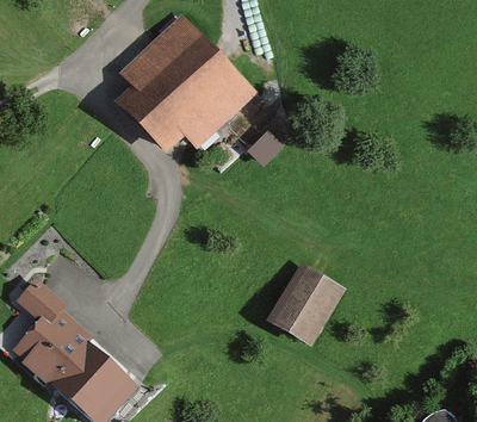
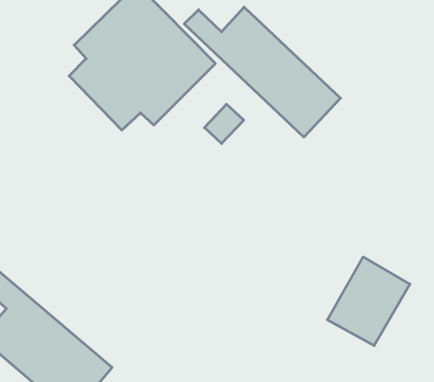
building: none -> [184,7,341,137]
building: [264,261,343,347] -> [327,257,410,346]

